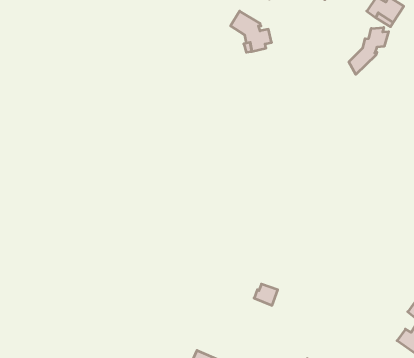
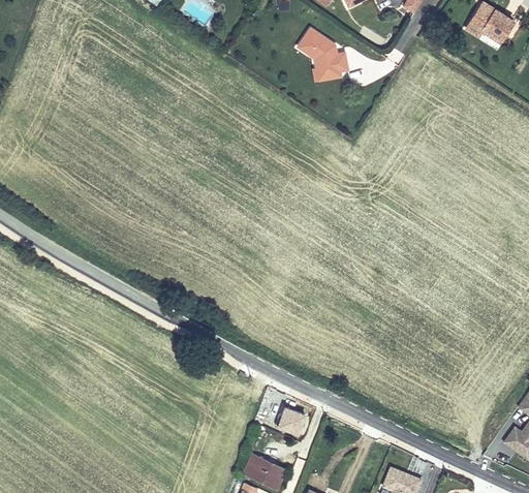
building: [349,27,389,74] -> none
building: [254,284,278,305] -> [279,408,309,435]

